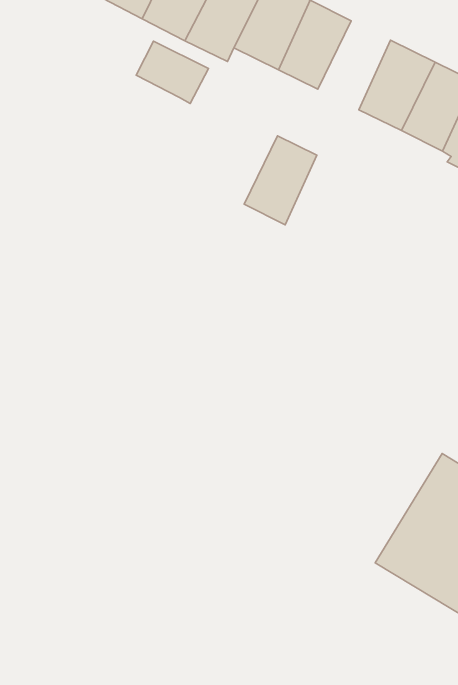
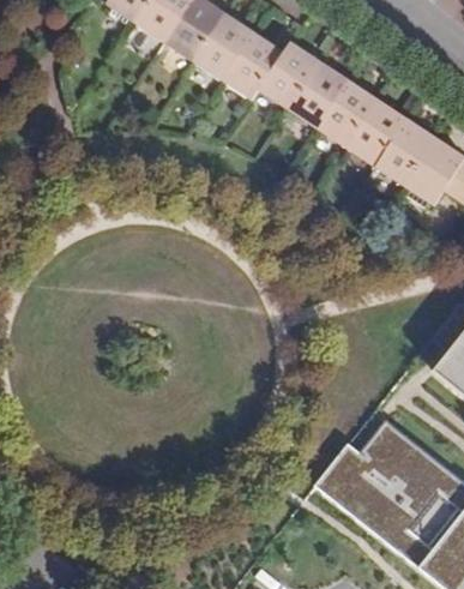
building: [136,41,208,103] -> none
building: [244,136,317,225] -> [317,79,375,146]

